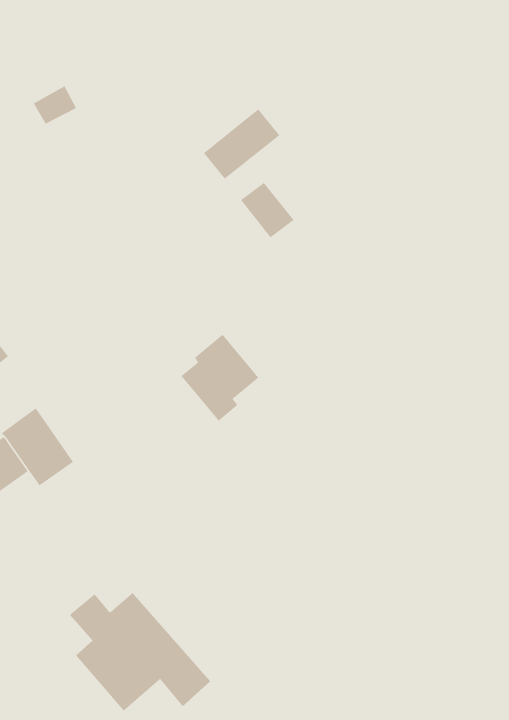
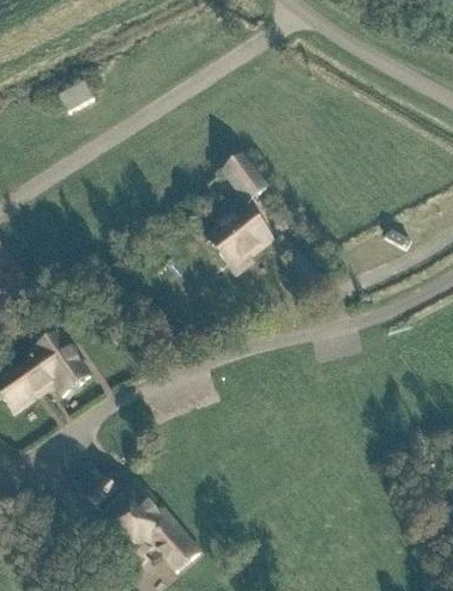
building: [203,109,280,180] -> none
building: [181,334,259,421] -> [206,201,268,270]

